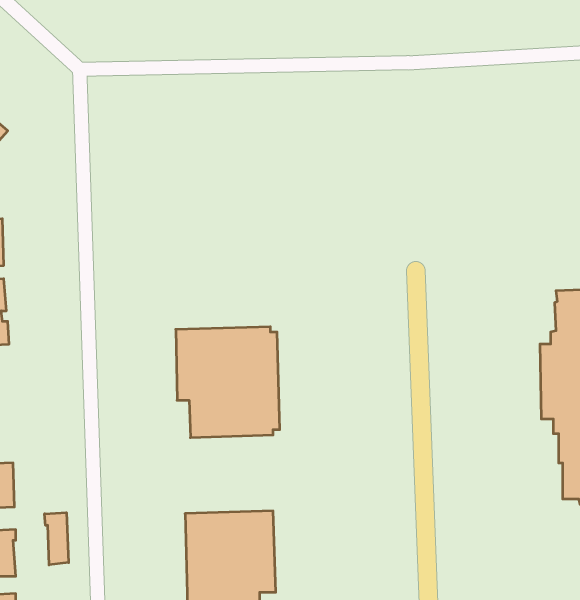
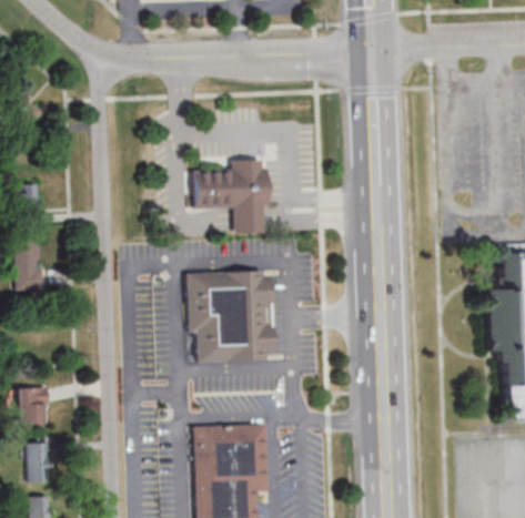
building: none -> [194,159,269,233]
building: [45,513,69,565] -> none

